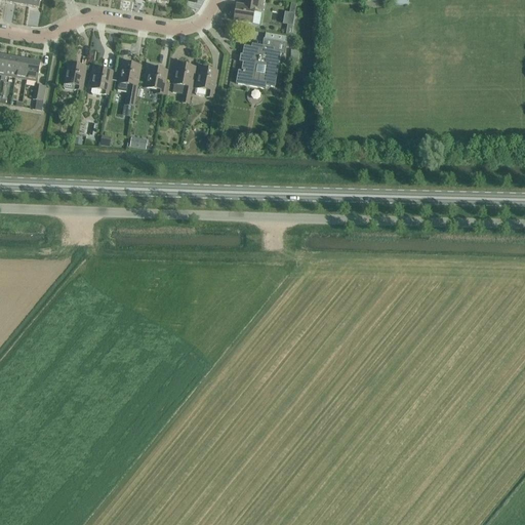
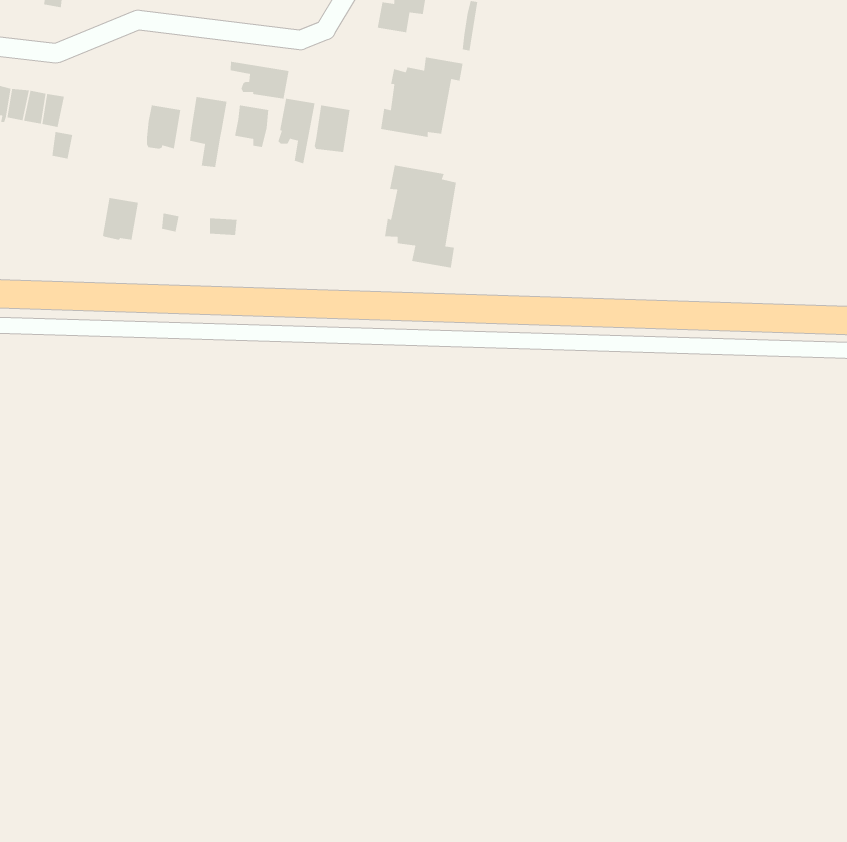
building: none -> [230,61,290,100]
building: [63,60,85,87] -> [102,197,139,240]
building: none -> [384,164,457,269]

